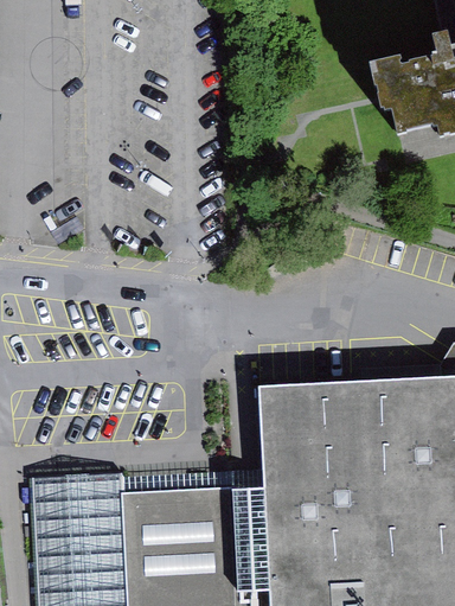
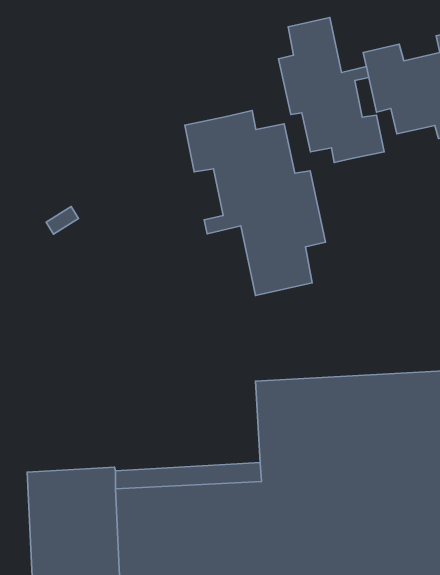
building: none -> [279,18,384,163]
building: none -> [185,111,326,295]

